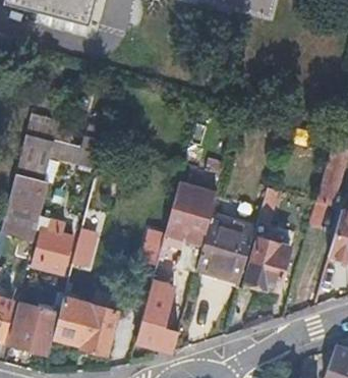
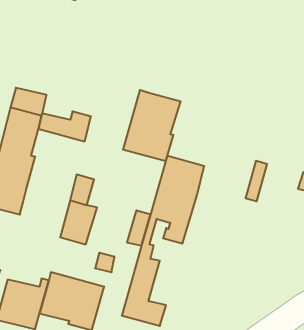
building: none -> [123,90,180,161]
building: [33,216,73,273] -> none
building: [194,221,252,281] -> none
building: [244,239,286,290] -> none

